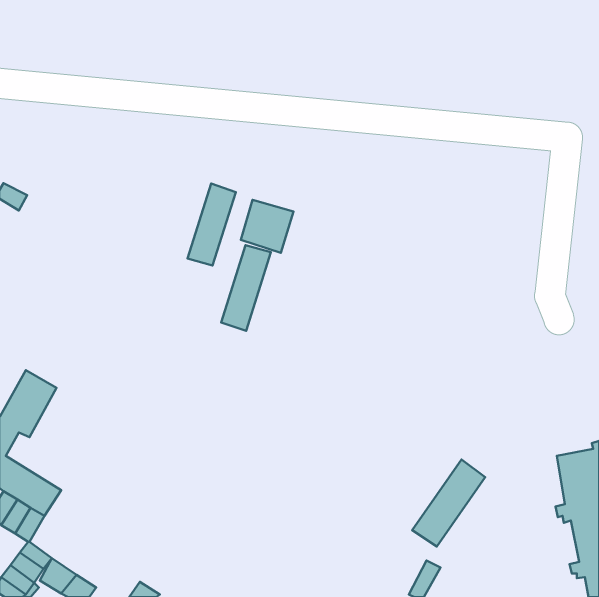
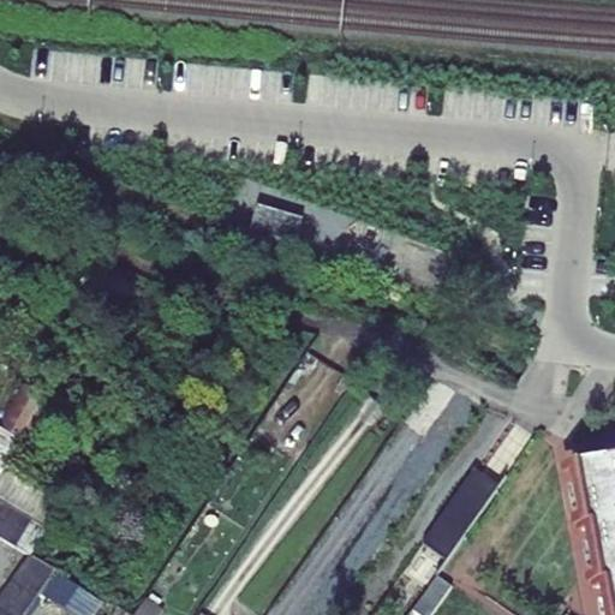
building: [188,184,236,265] -> none
building: [221,245,271,331] -> none

